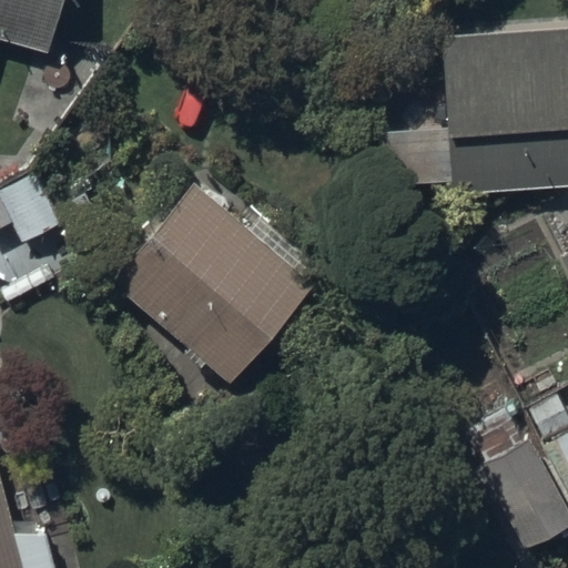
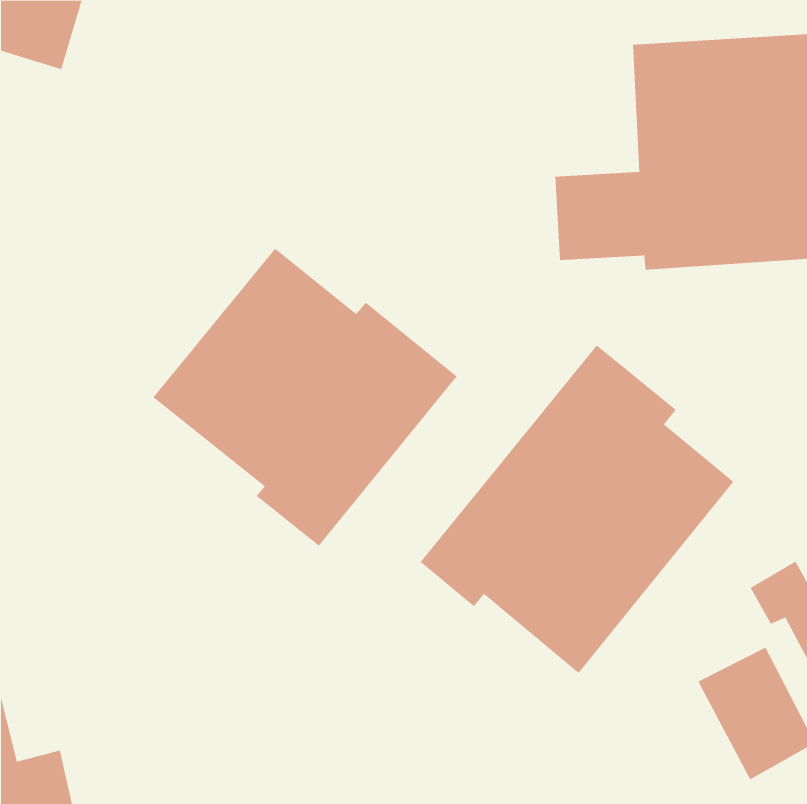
building: none -> [420,344,734,674]

